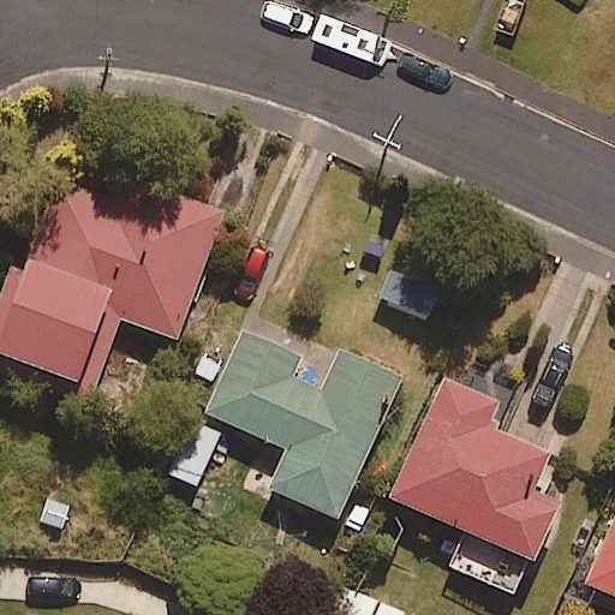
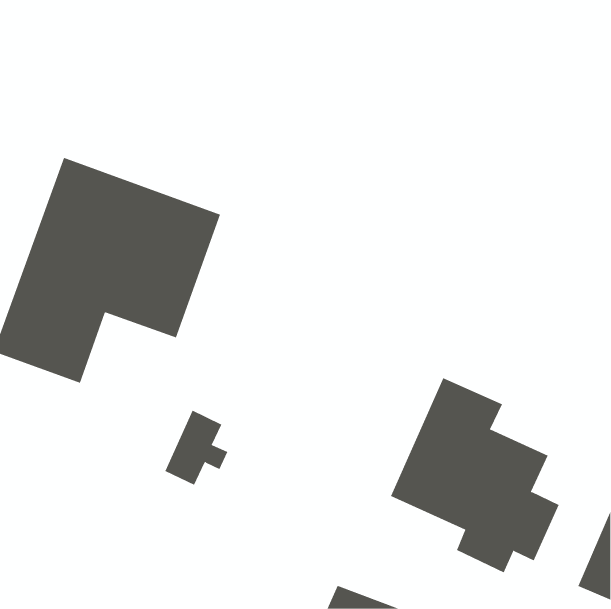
building: [205,332,401,519] -> none

